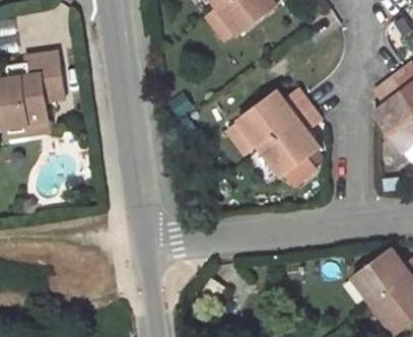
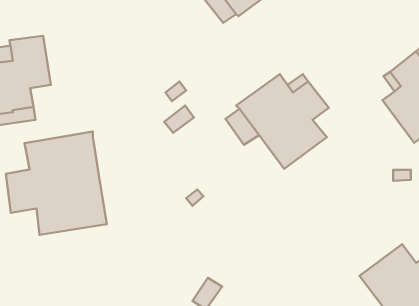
building: none -> [6,131,107,235]

